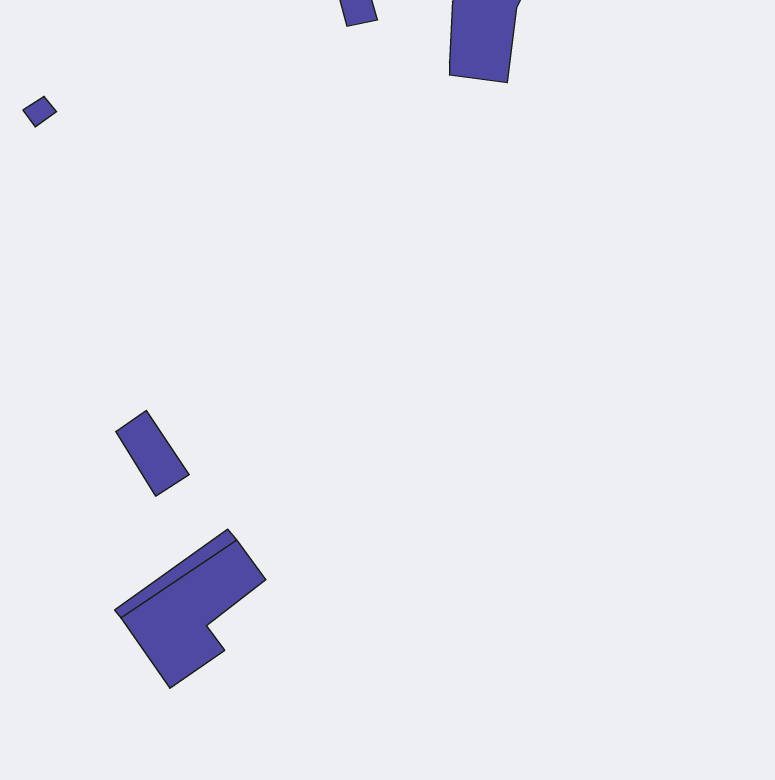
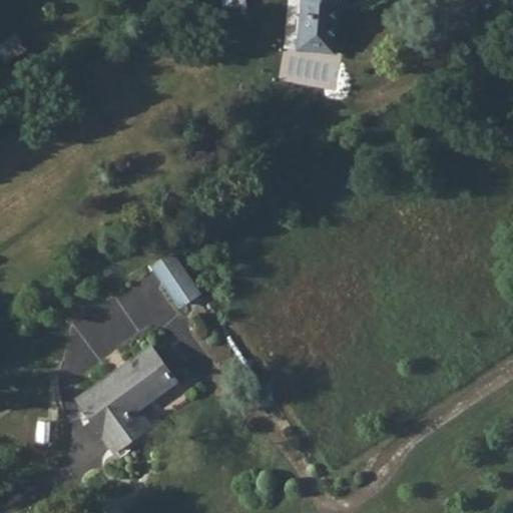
building: none -> [282,41,337,92]
building: [116,410,189,496] -> [154,250,202,307]

